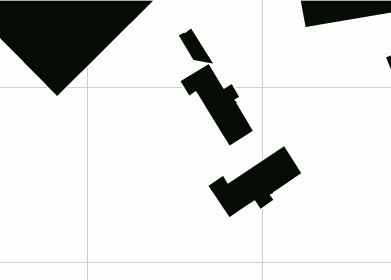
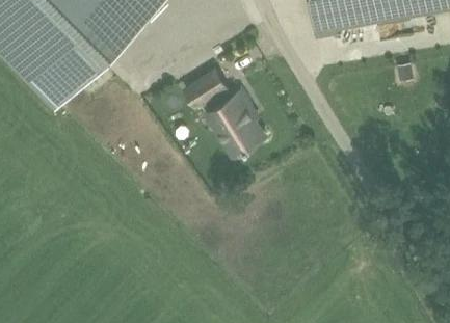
building: [178,27,214,64] -> [191,97,230,135]
building: [207,145,302,218] -> none

